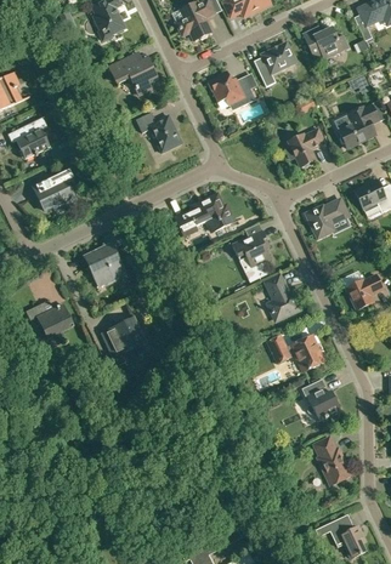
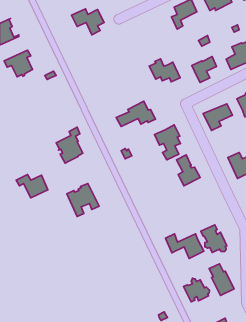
building: [209,70,255,104] -> [149,59,180,82]
building: [135,110,181,152] -> none
building: [33,169,74,211] -> none
building: [267,335,324,371] -> [165,234,204,258]
building: none -> [184,278,209,302]

